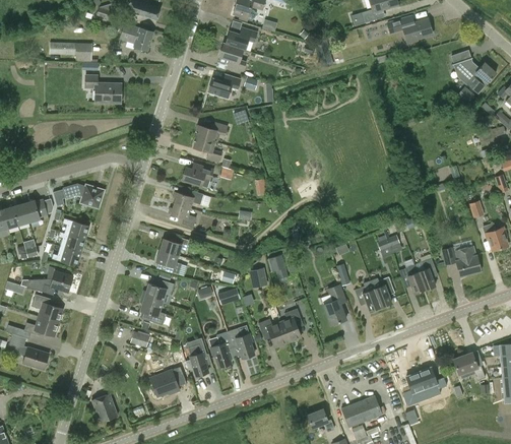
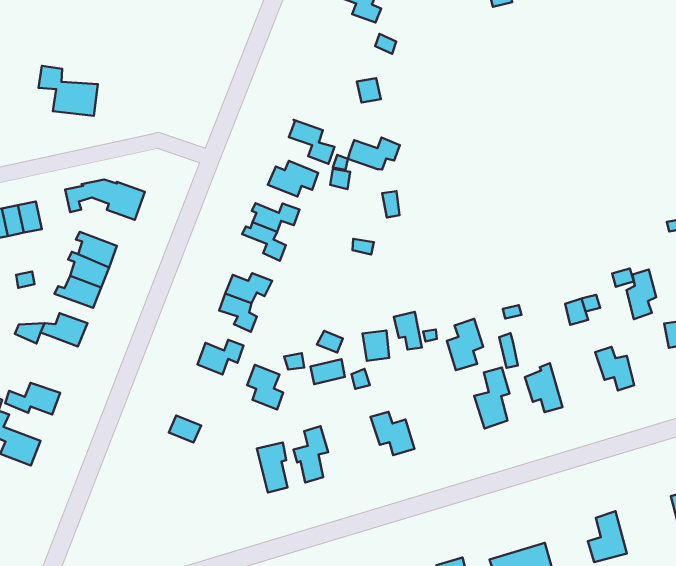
building: [84,74,122,104] -> [39,66,98,116]
building: [208,75,240,98] -> none
building: [195,122,228,142] -> [348,137,400,169]
building: [419,258,438,291] -> [626,269,656,319]
building: [370,277,394,308] -> none
building: [31,294,63,322] -> none
building: [141,298,165,325] -> [247,365,283,410]
building: [280,308,304,341] -> [447,319,483,370]
building: [227,328,254,359] -> none
building: [150,367,186,396] -> none
building: [419,368,447,398] -> none
building: [91,394,118,423] -> none

